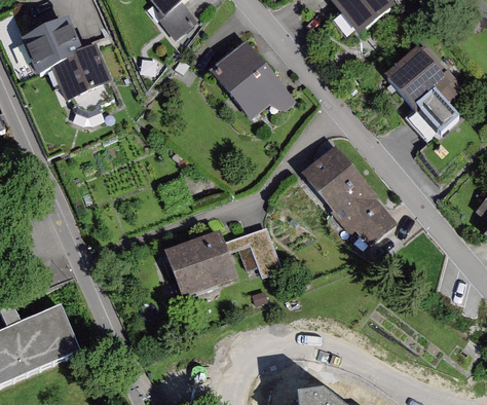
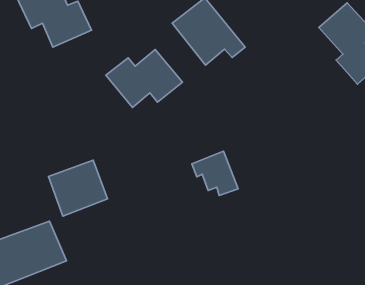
building: none -> [106,49,183,107]
building: [302,145,401,243] -> none
building: [166,229,237,296] -> [48,160,108,216]

